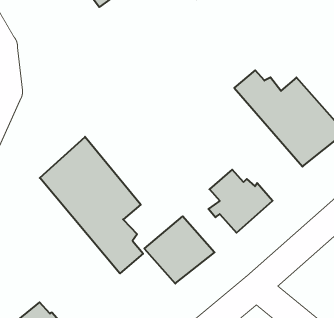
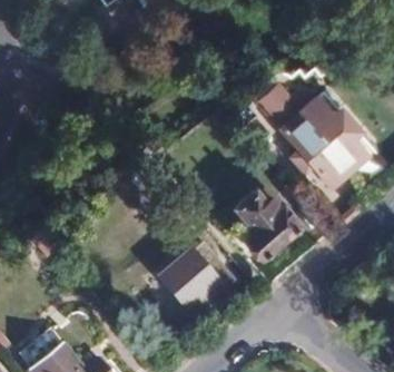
building: [40,137,143,273] -> none

